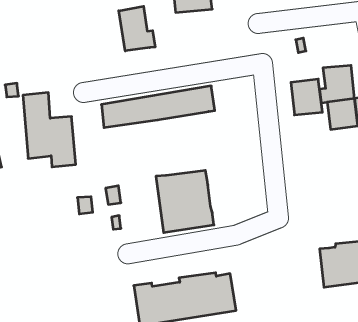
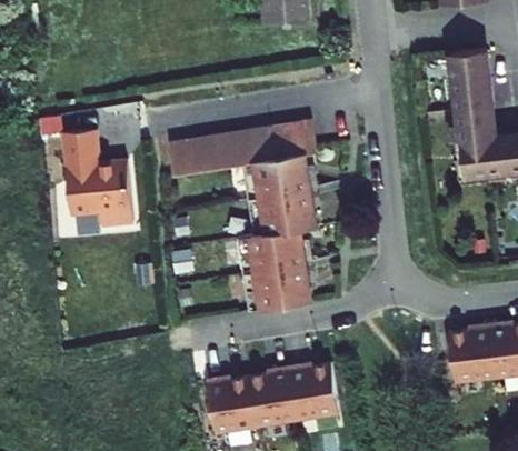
building: [119,6,155,51] -> none
building: [291,79,322,115] -> [449,50,490,97]
building: none -> [238,153,316,237]

